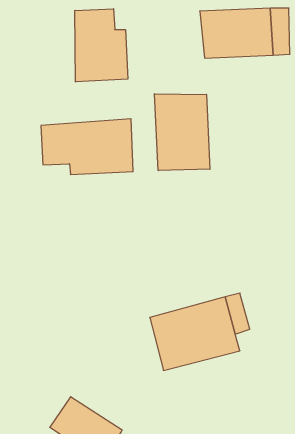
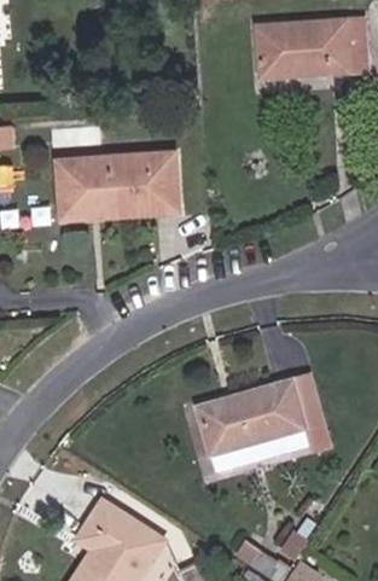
building: [75,9,128,82] -> none
building: [155,94,210,171] -> none

